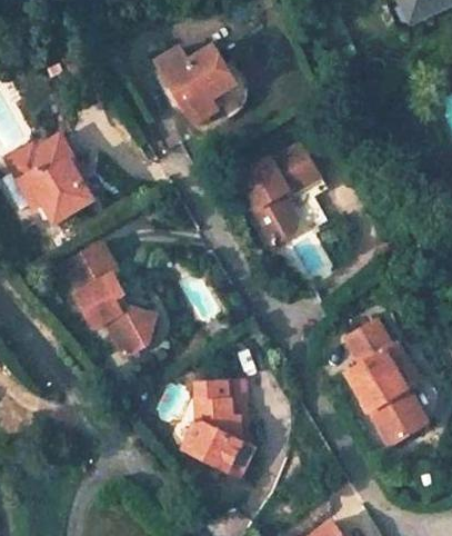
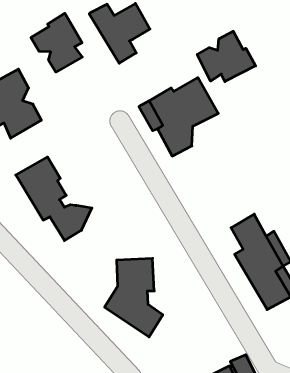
building: none -> [31,13,82,72]
building: none -> [197,31,256,82]

